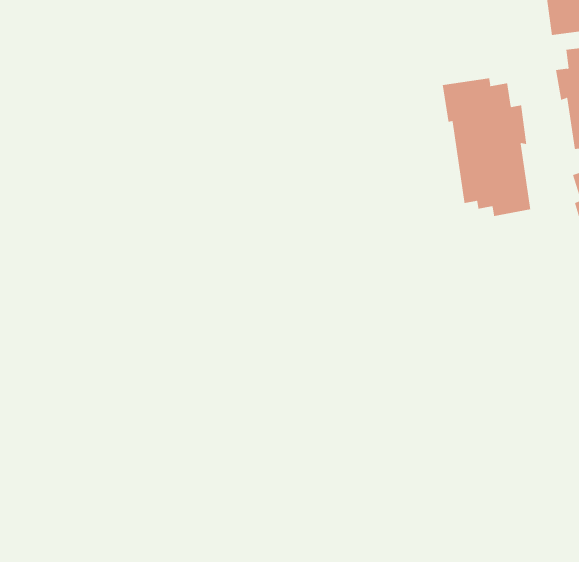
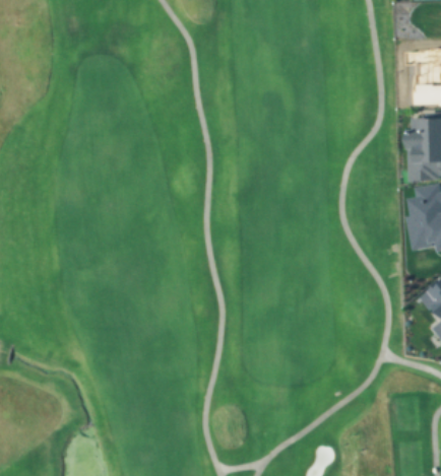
building: [442,78,531,217] -> none

